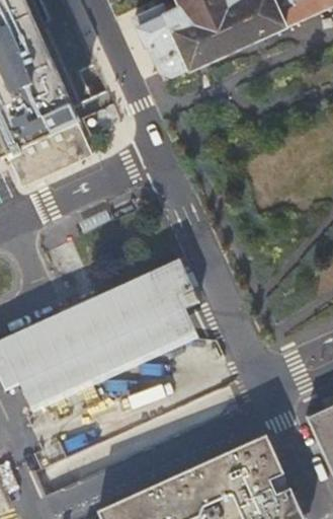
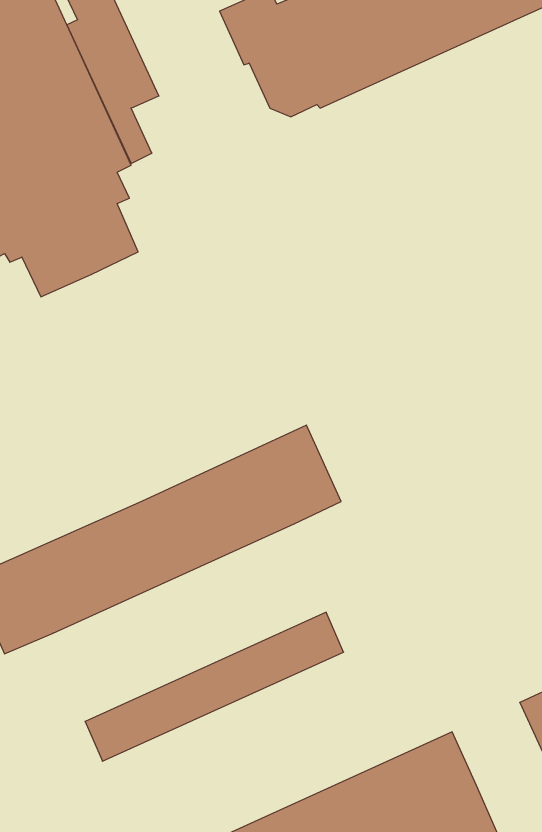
building: [34,313,185,400] -> [85,612,344,761]

